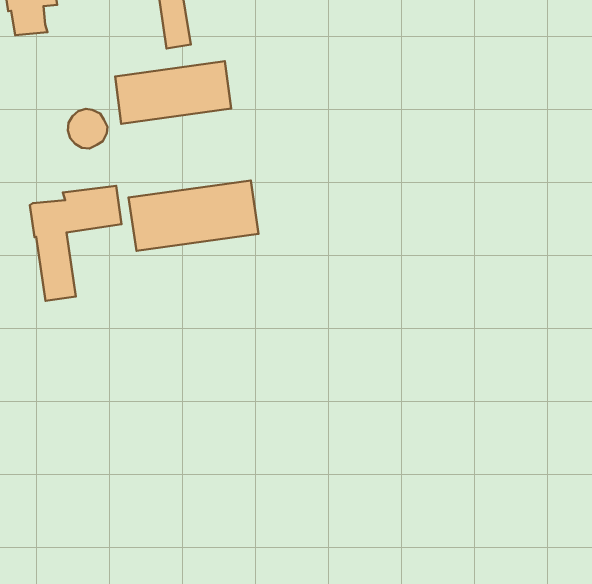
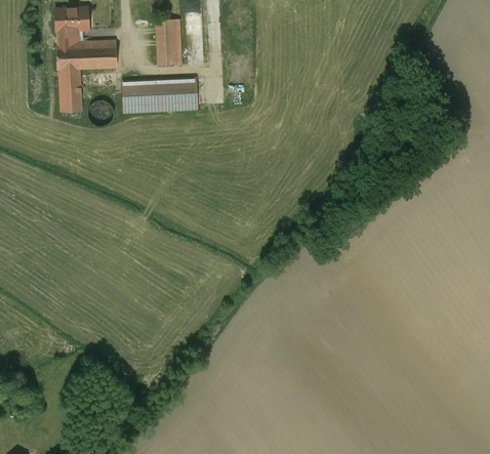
building: [129,181,259,251] -> none
building: [30,186,121,301] -> [57,41,117,113]

